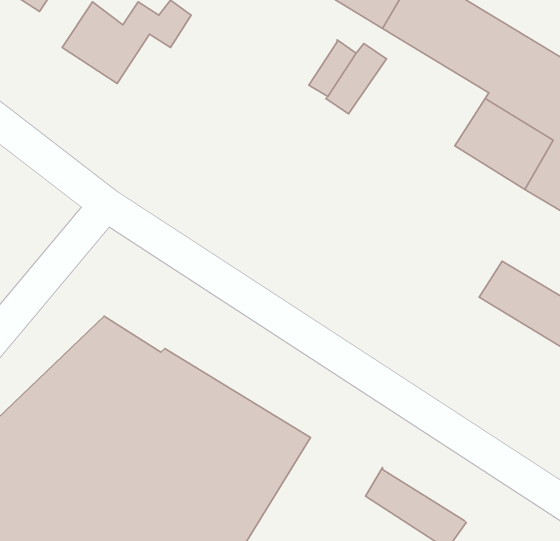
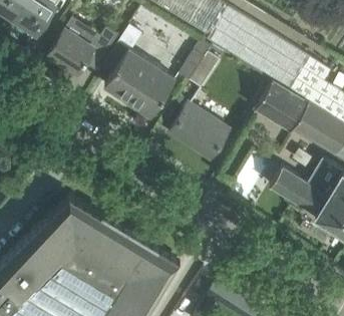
building: none -> [103,42,176,119]
building: none -> [169,103,230,155]

